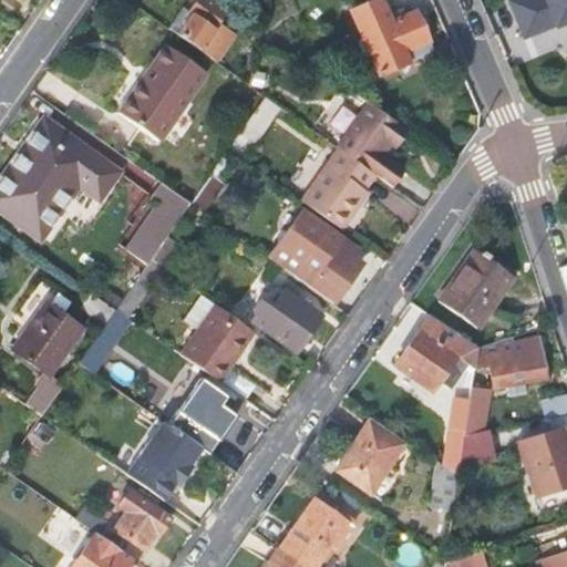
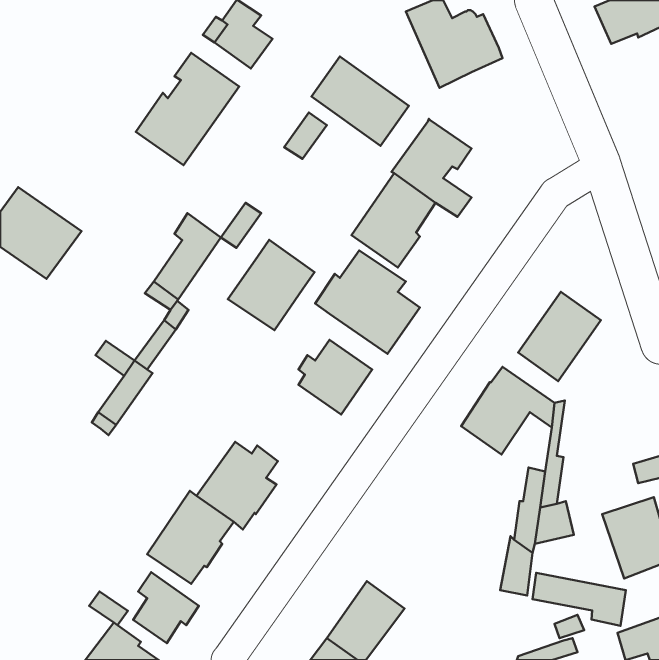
building: none -> [312,56,409,146]
building: [17,121,120,200] -> none
building: [11,301,81,415] -> none
building: [181,303,255,381] -> [228,240,314,330]
building: [488,338,544,399] -> none
building: [337,420,404,491] -> none
building: none -> [532,573,626,626]

